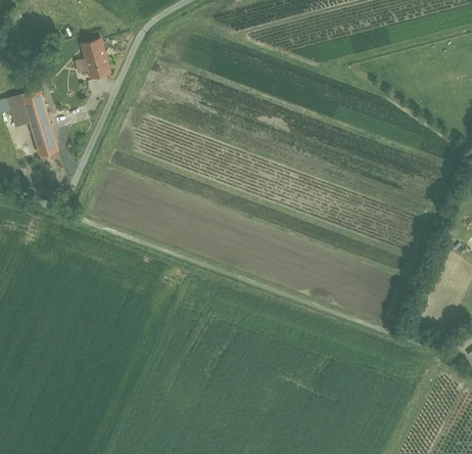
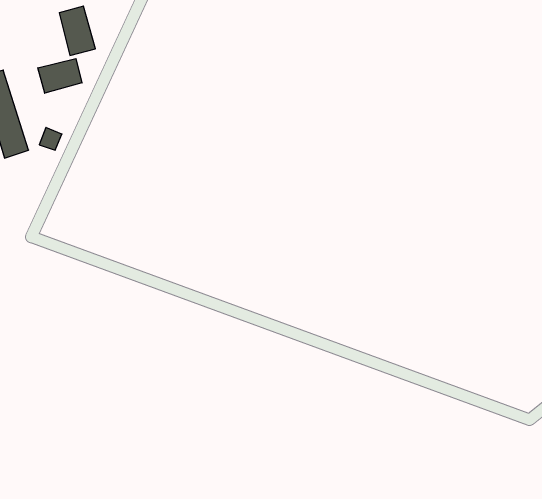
building: none -> [38,59,82,93]

